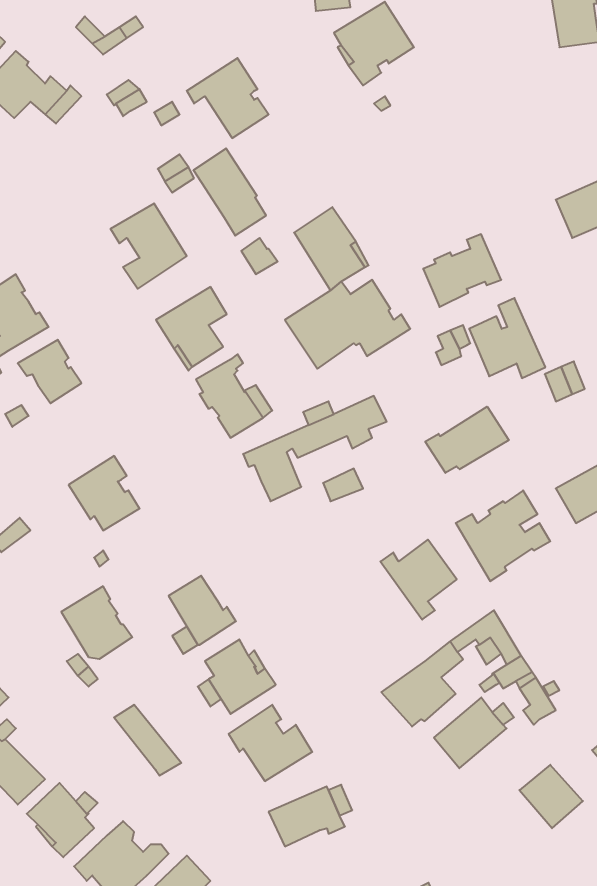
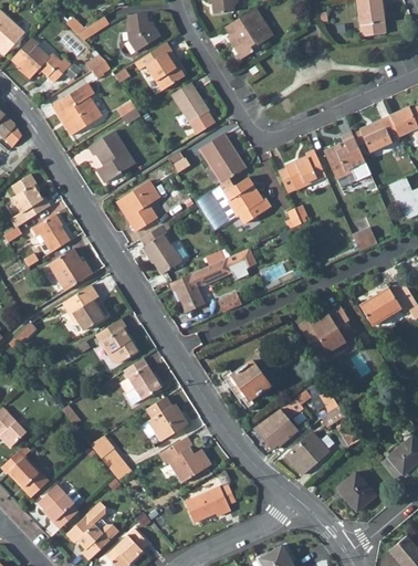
building: none -> [127,12,160,51]
building: none -> [52,83,102,135]
building: [193,148,266,236] -> [171,82,216,135]
building: [469,298,545,378] -> [324,132,370,180]
building: none -> [49,248,94,291]
building: [425,407,509,473] -> none
building: [380,540,457,620] -> [222,360,269,409]
building: [61,586,132,659] -> [96,318,139,363]

